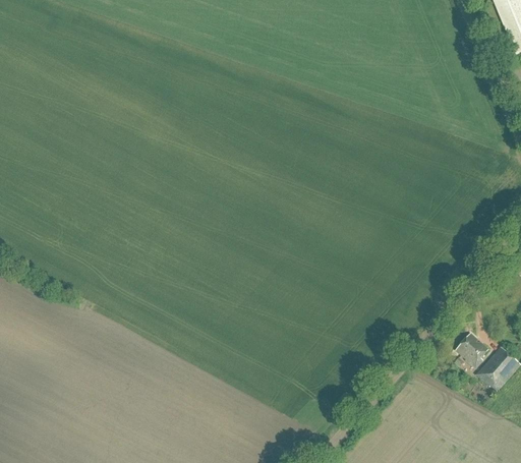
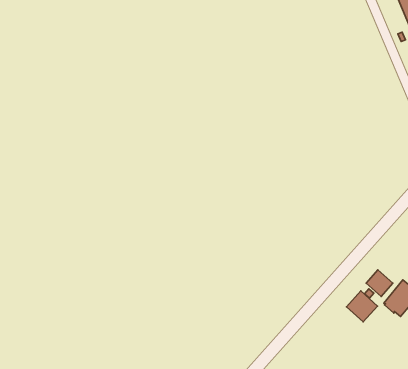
building: none -> [346,291,378,322]

